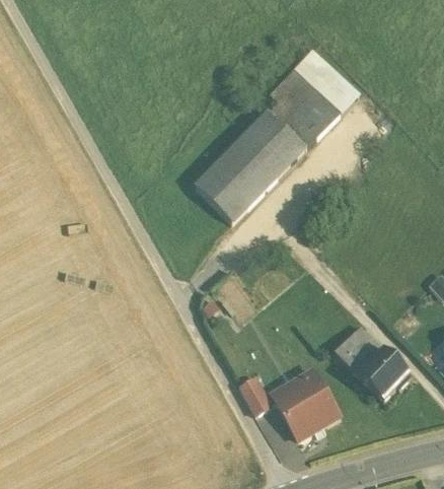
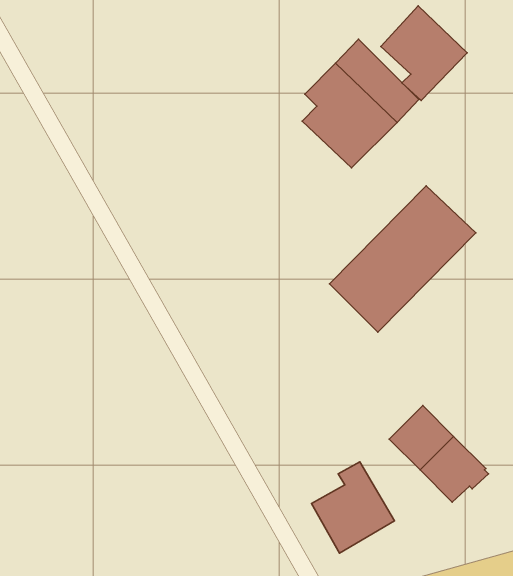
building: none -> [381,6,467,101]
building: [195,112,305,222] -> [330,186,476,332]
building: [239,377,270,414] -> none

